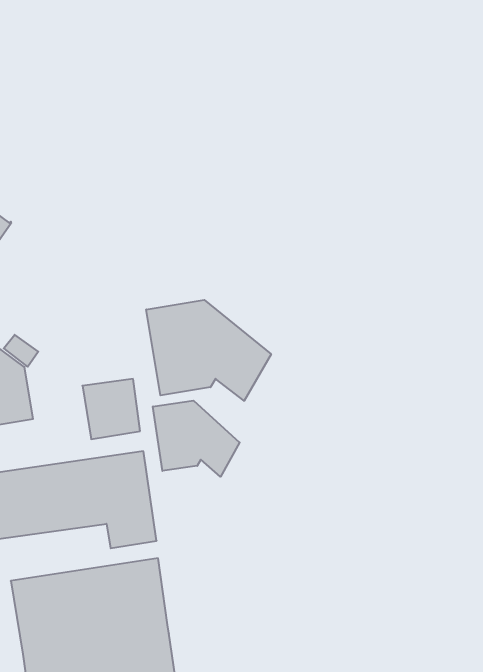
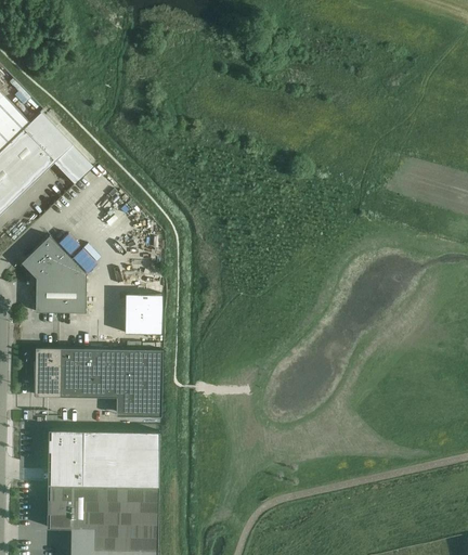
building: [146,300,271,401] -> none
building: [153,401,240,477] -> none

